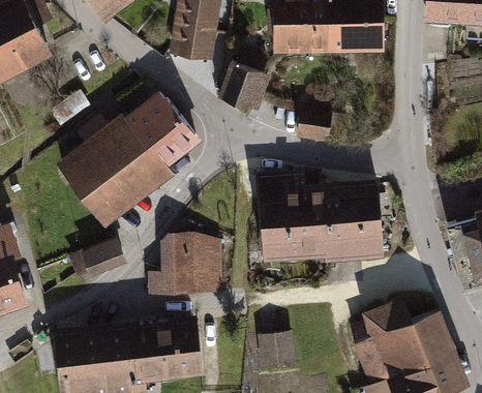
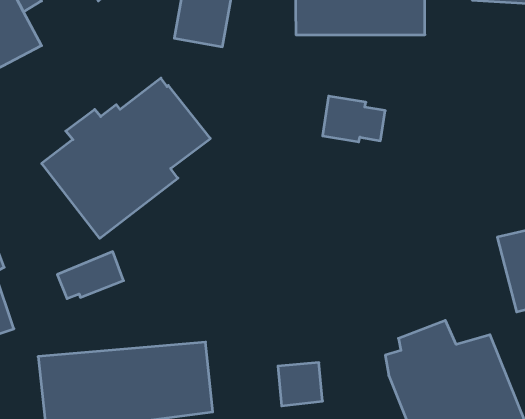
building: [217,48,270,110] -> none
building: [257,170,385,265] -> none
building: [147,233,222,296] -> none

